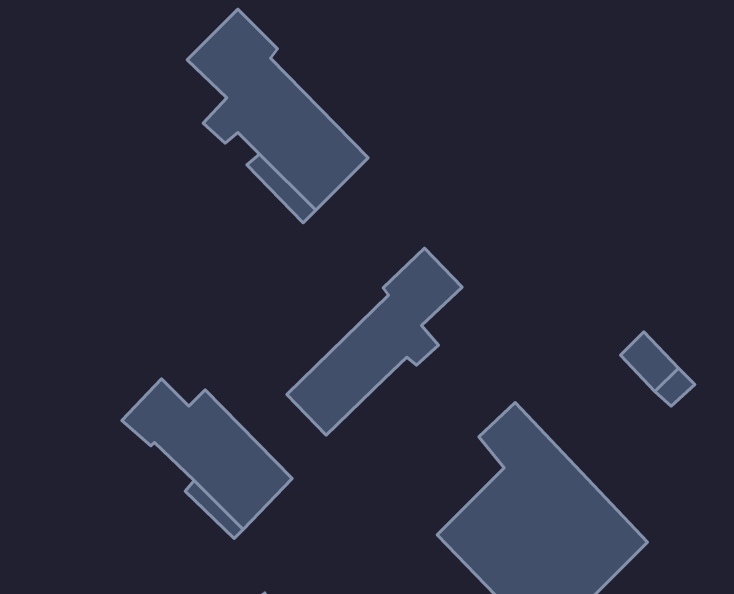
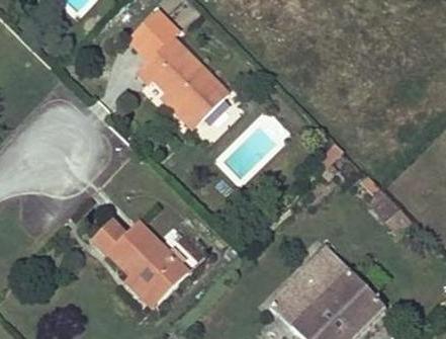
building: [287,248,462,435] -> none

